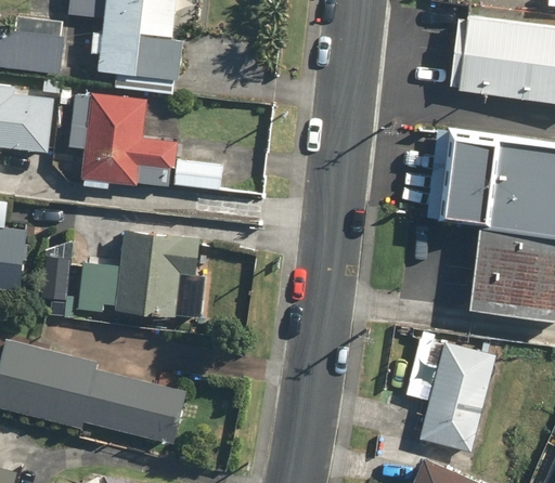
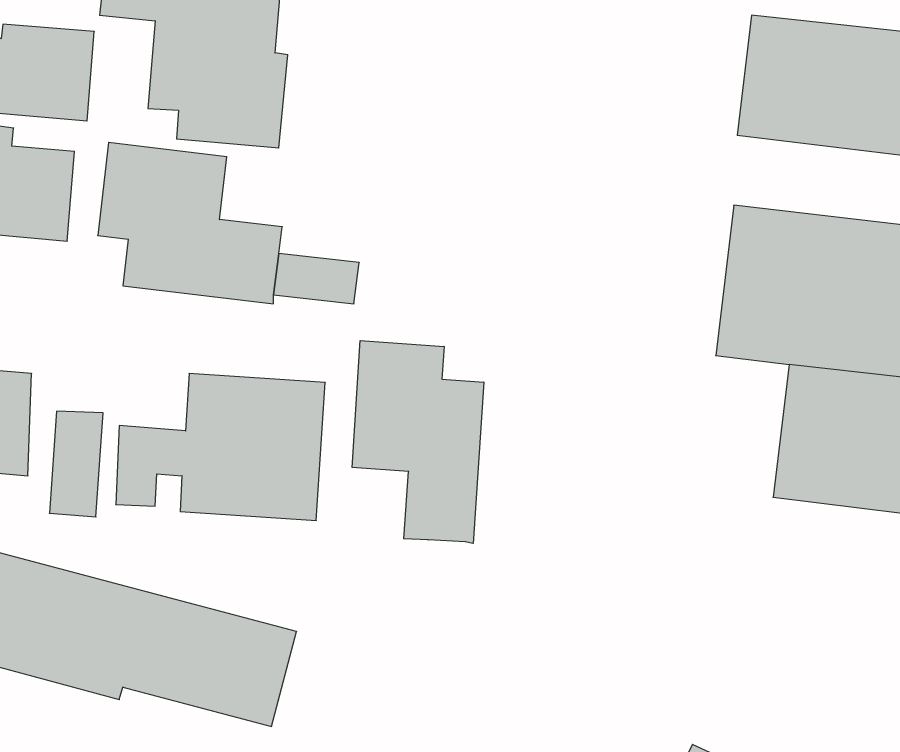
building: none -> [352,341,484,543]
building: [405,336,498,456] -> none

